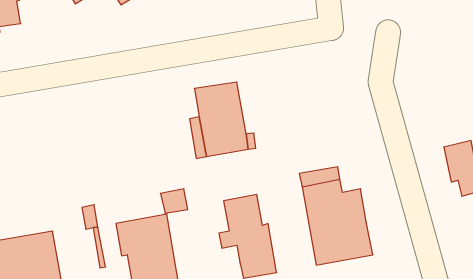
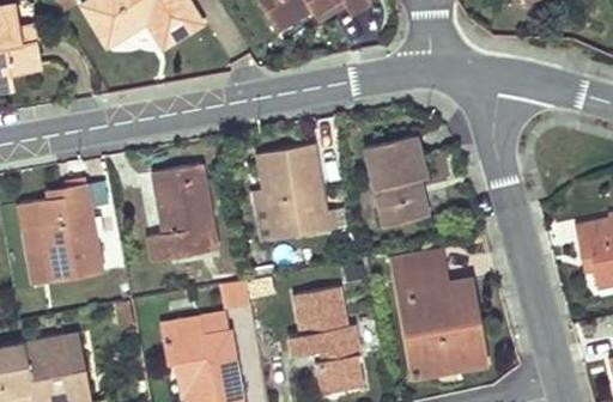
building: none -> [365,136,425,225]
building: none -> [150,163,216,260]
building: none -> [18,184,102,285]

